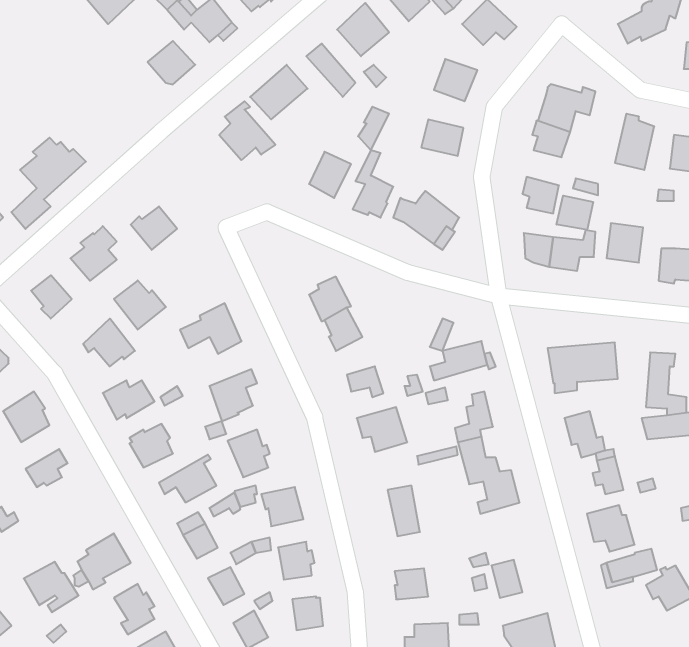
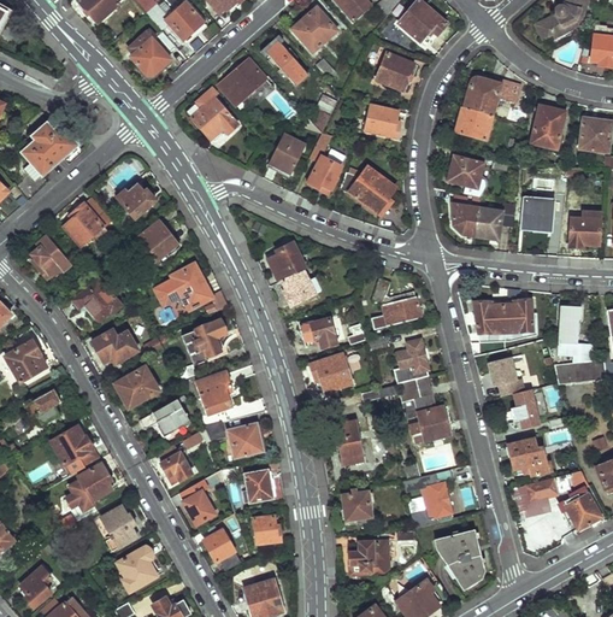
building: [557,196,593,230] -> none
building: [114,280,166,330] -> [140,221,184,263]
building: [24,562,79,612] -> [52,427,99,470]

